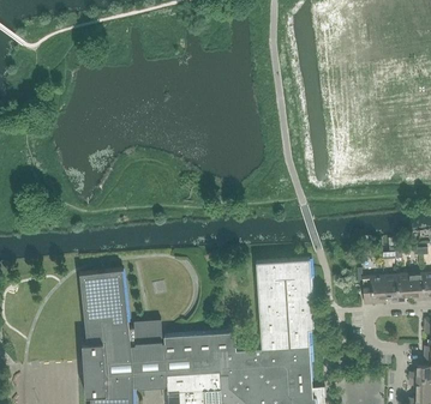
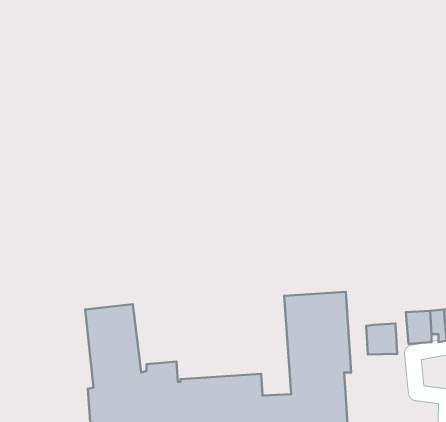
building: none -> [366,324,397,355]

